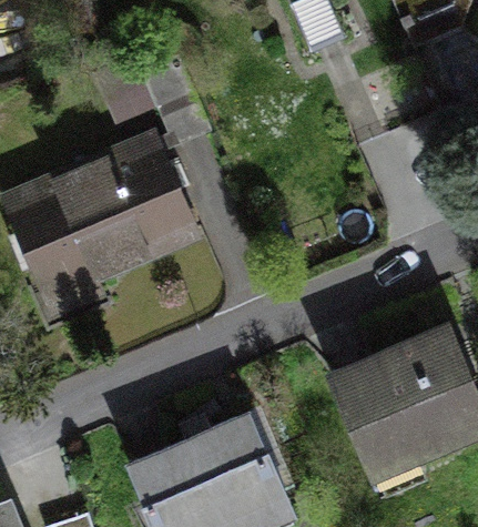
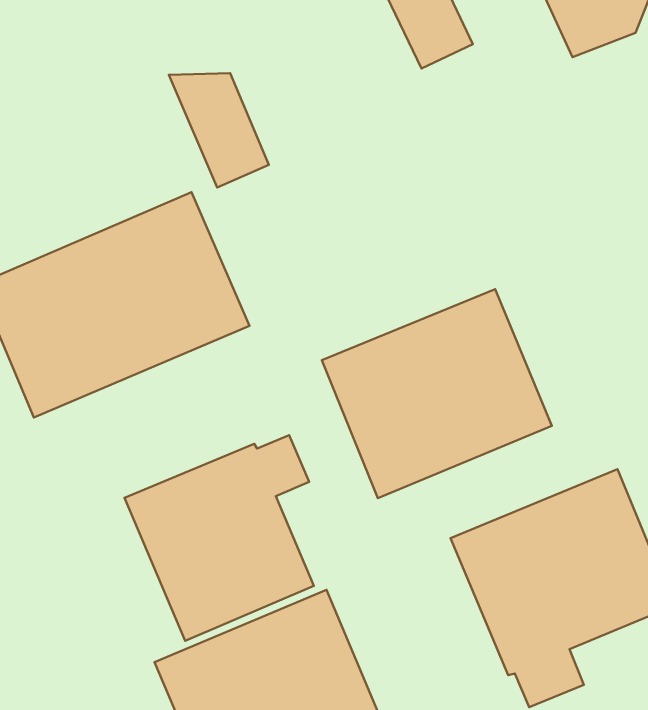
building: none -> [322,289,552,498]
building: none -> [124,435,314,641]

